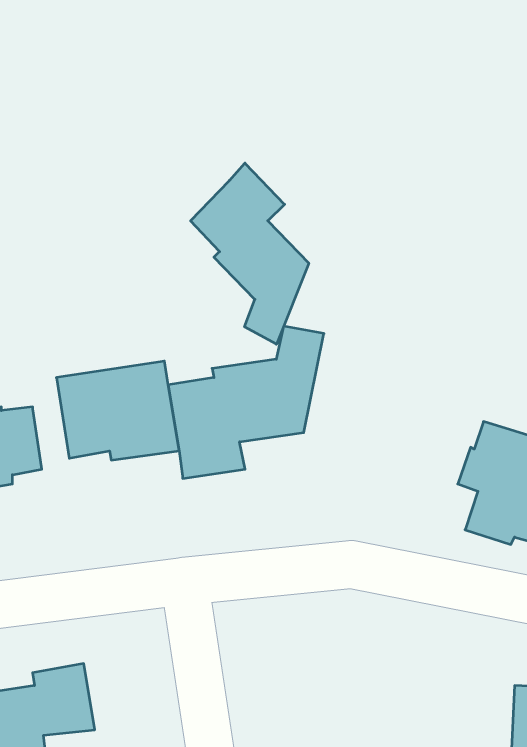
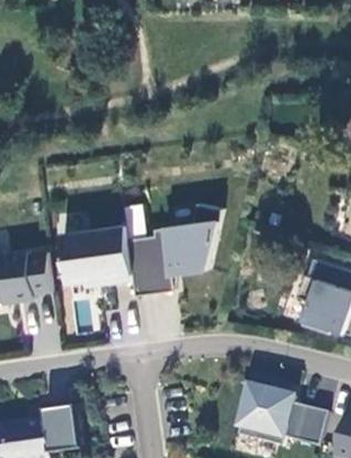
building: [191,163,309,344] -> none
building: none -> [239,387,329,447]

